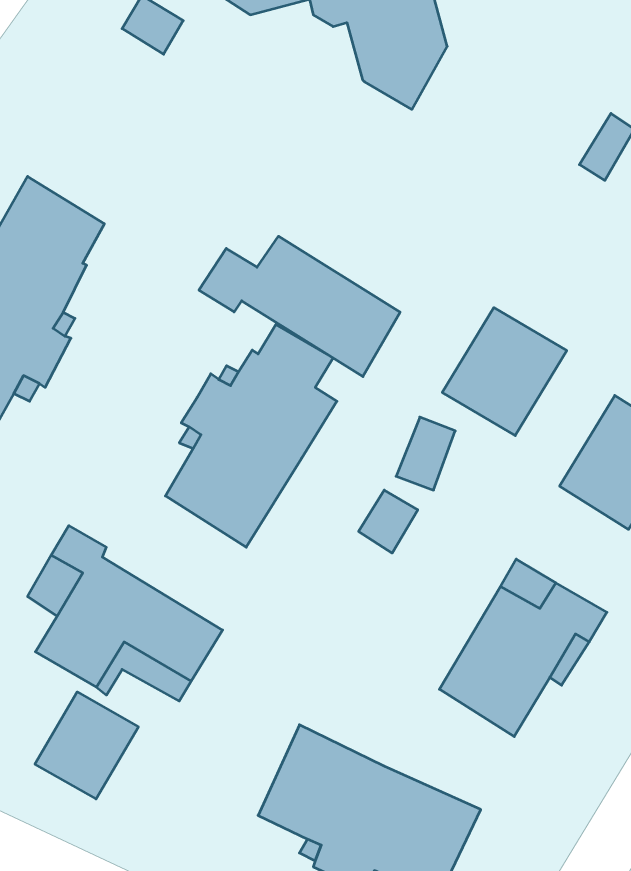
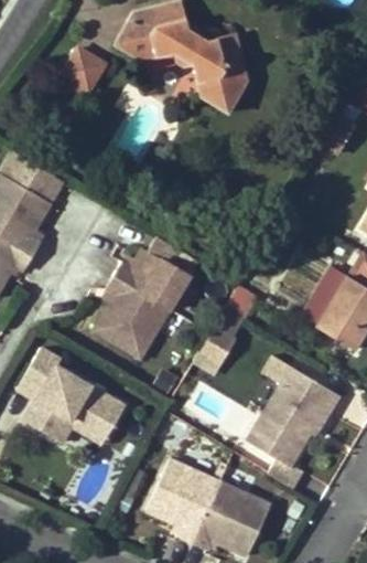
building: [199,236,400,377] -> none
building: [442,308,567,436] -> none
building: [35,692,138,799] -> none

